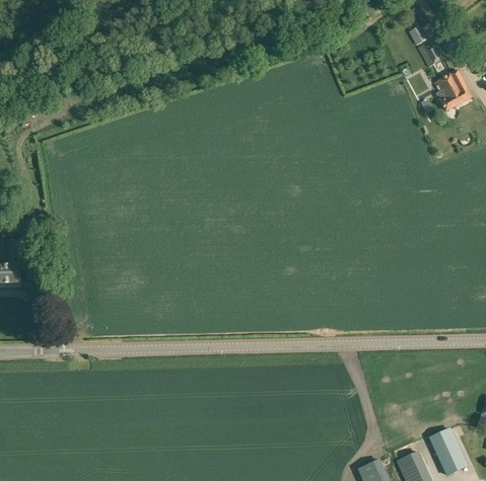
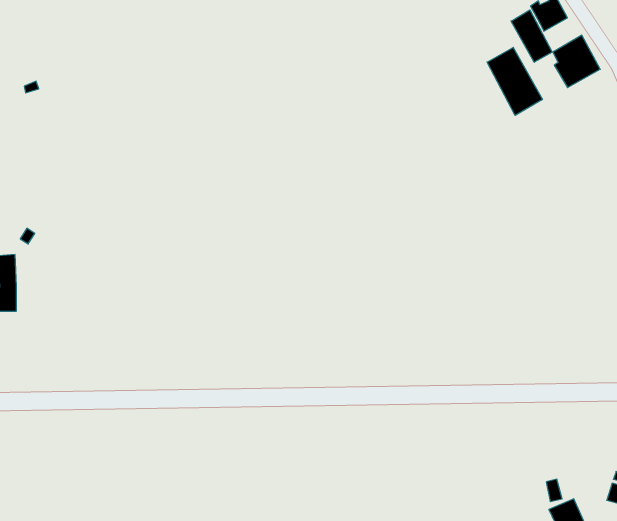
building: none -> [511,10,552,62]
building: none -> [487,47,542,115]

